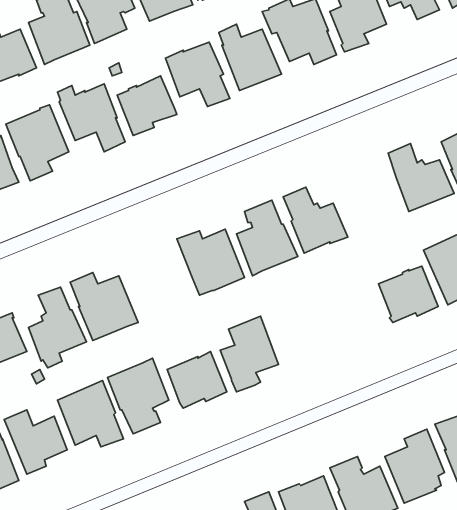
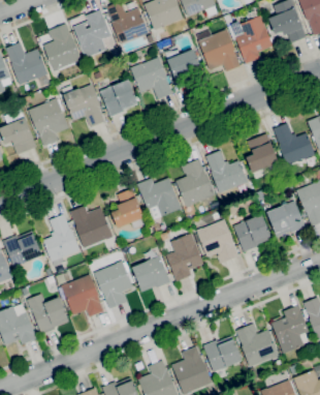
building: none -> [246,133,279,173]
building: none -> [111,188,148,229]
building: none -> [233,213,271,251]
building: none -> [197,218,238,263]

